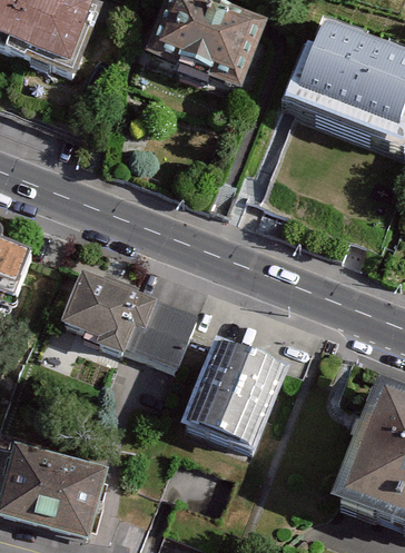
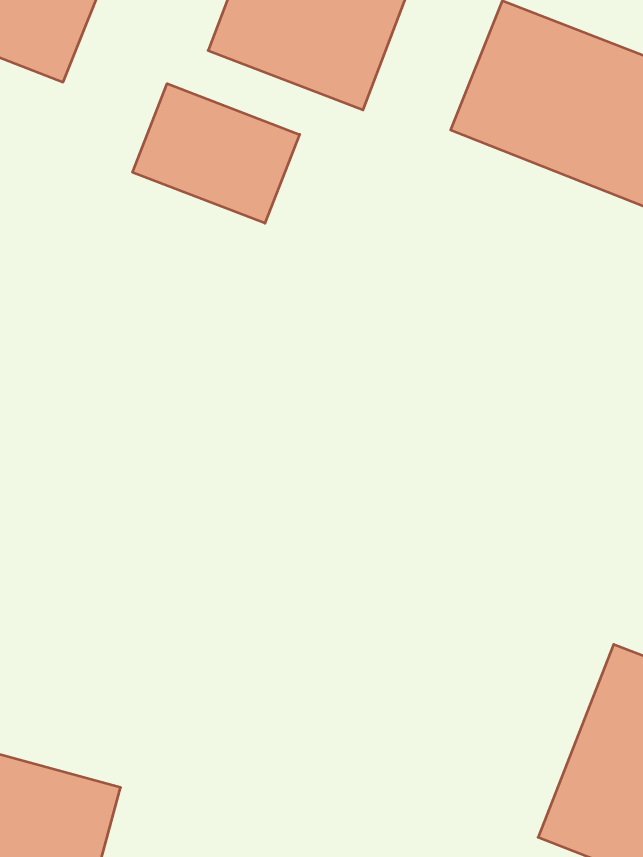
building: none -> [133,84,300,223]
building: [66,269,199,369] -> none
building: [190,343,287,444] -> none

